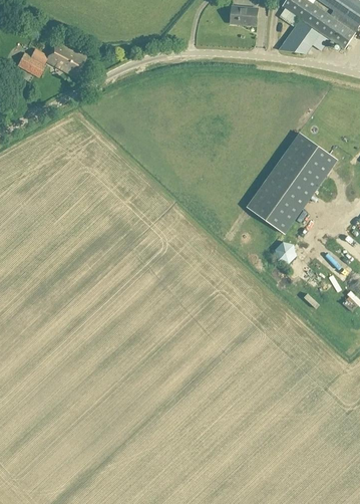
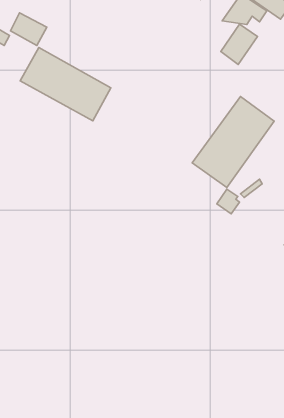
building: none -> [221,24,258,64]
building: none -> [20,48,111,121]

